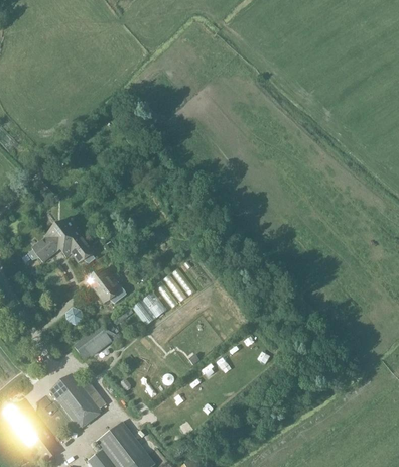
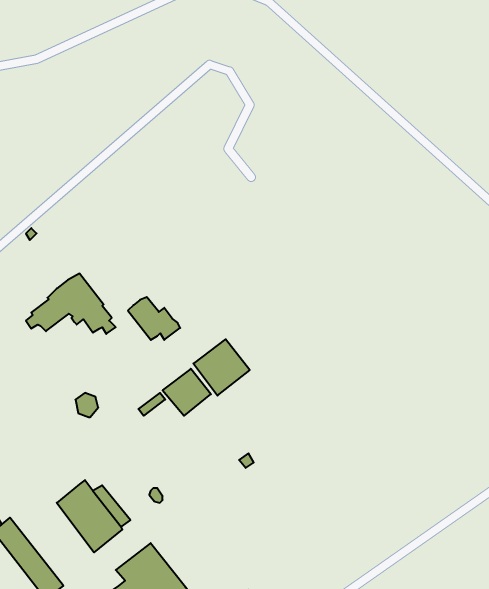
building: [88,271,127,304] -> [128,297,180,340]
building: [75,322,117,360] -> none

